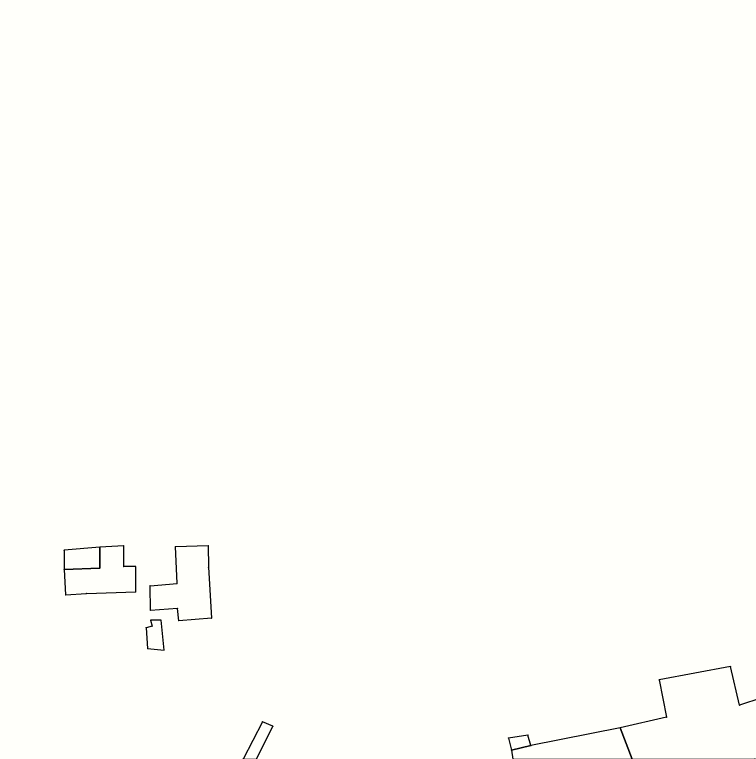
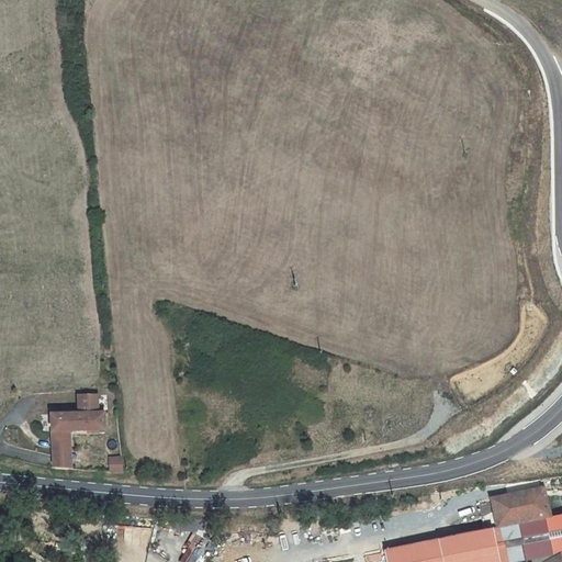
building: [150,546,211,621] -> none
building: none -> [53,437,69,474]

